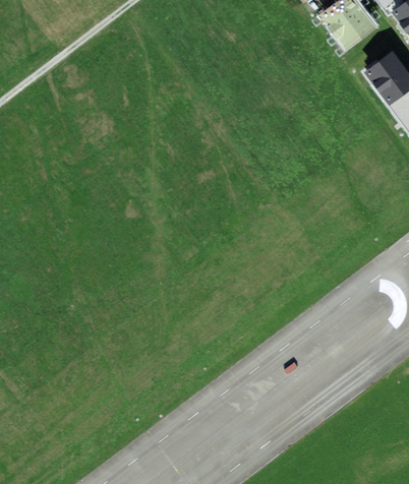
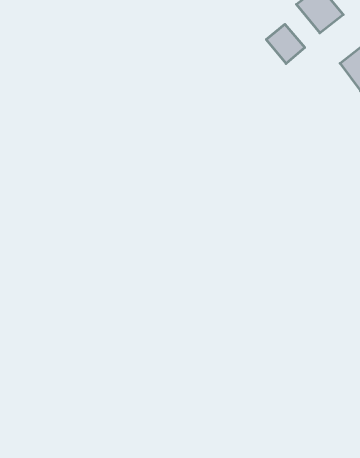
building: none -> [266,24,305,64]

